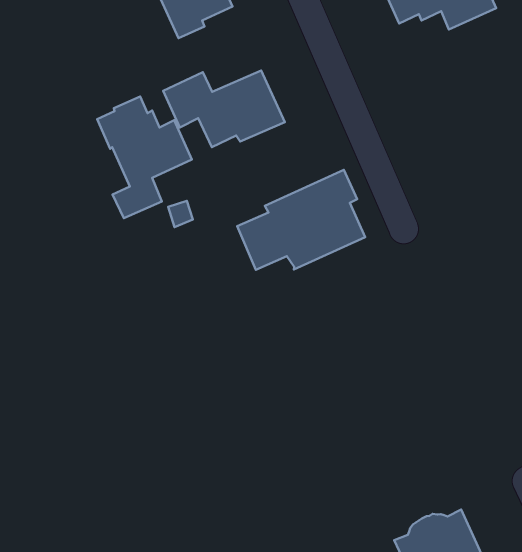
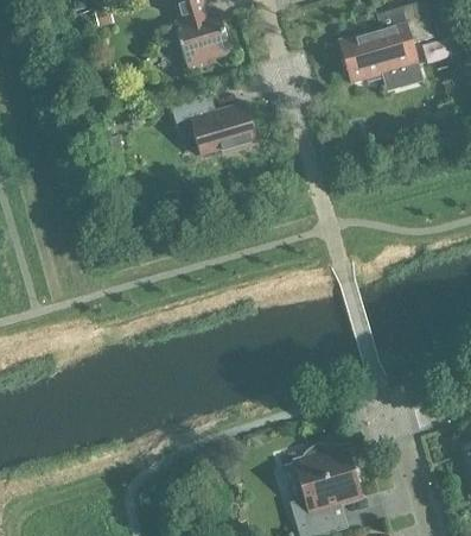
building: [97,96,192,218] -> none
building: [237,170,365,270] -> none

